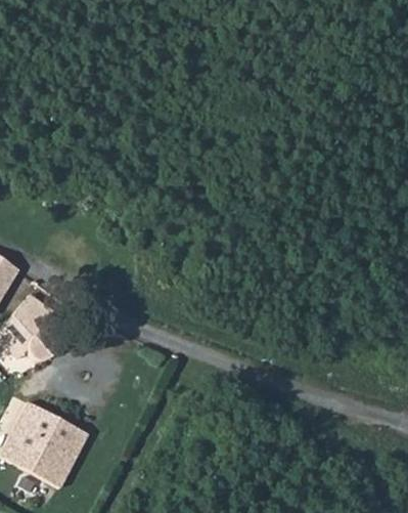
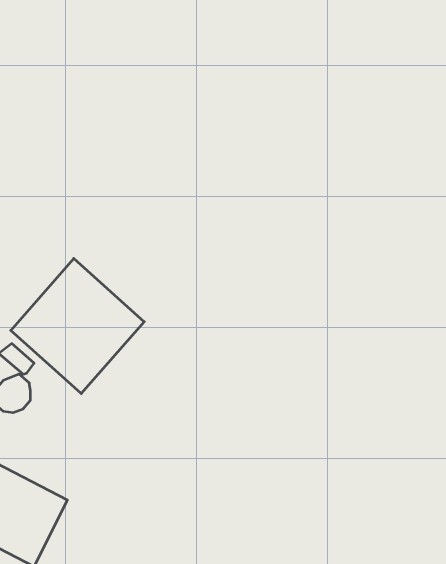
building: none -> [11,258,144,394]

